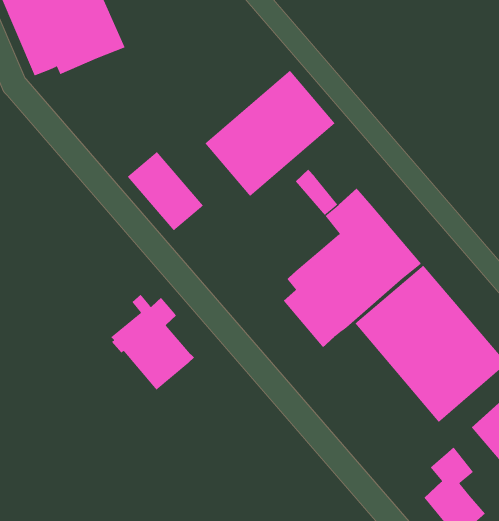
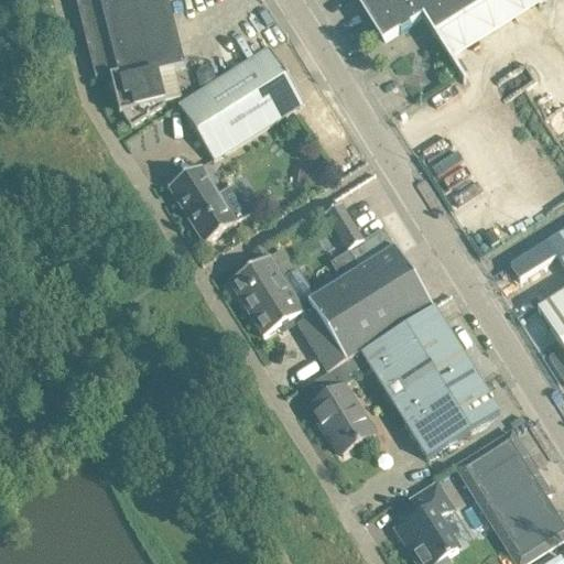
building: none -> [110,68,165,124]
building: [204,70,336,197] -> [178,44,304,158]
building: [111,294,195,390] -> [228,241,304,334]
building: none -> [308,382,375,457]

